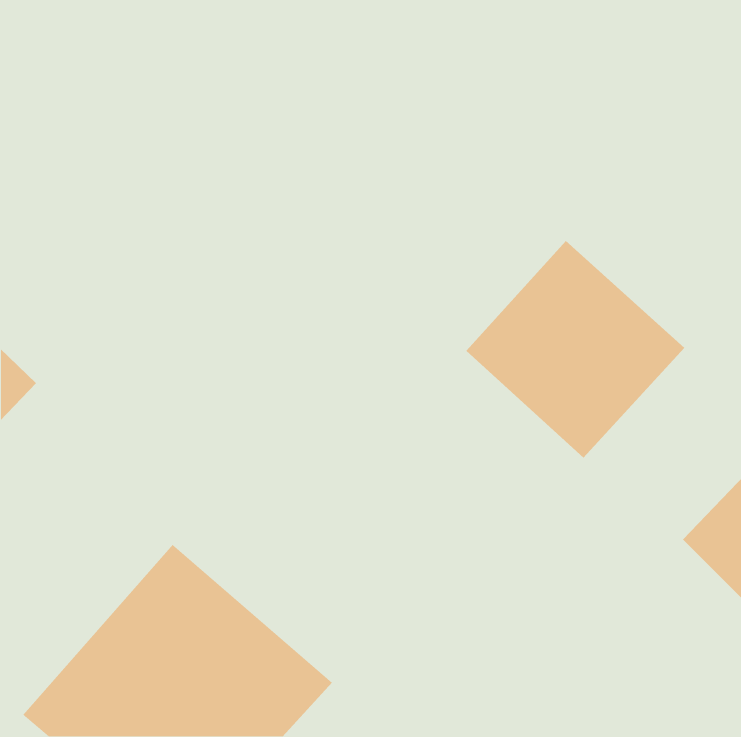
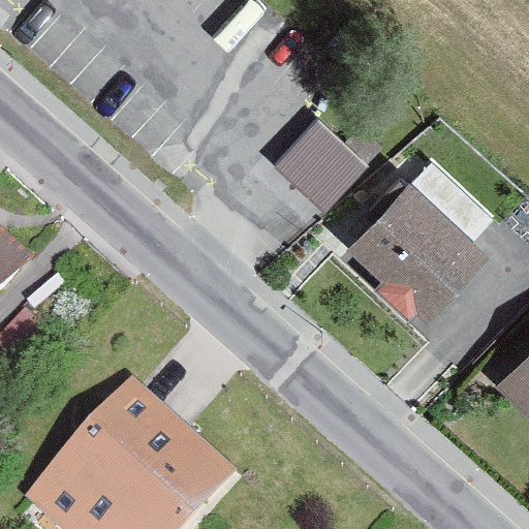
building: none -> [289,127,373,216]

